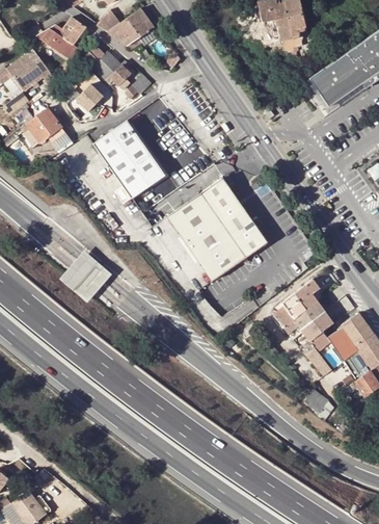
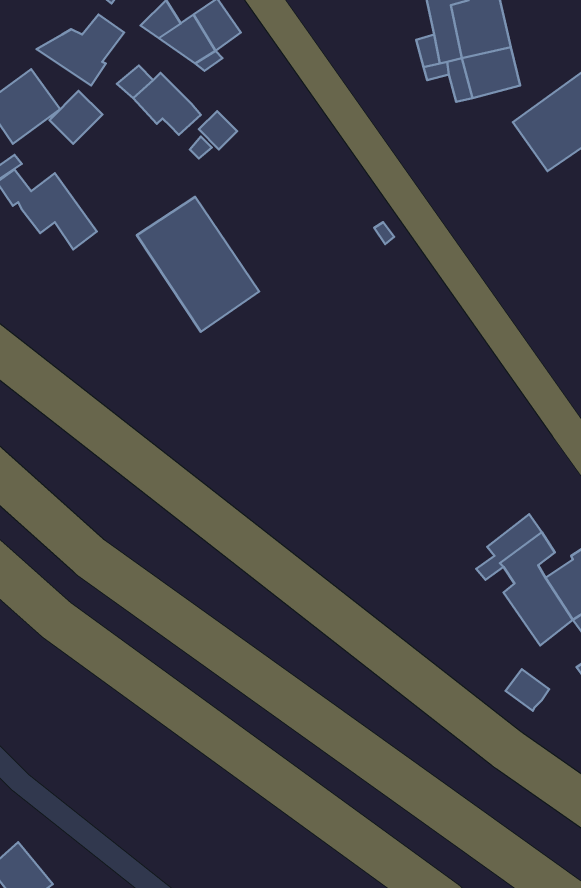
building: [75,83,105,113] -> [49,91,102,144]
building: [165,174,267,280] -> none
building: [61,252,112,304] -> none
building: [274,280,320,333] -> none

